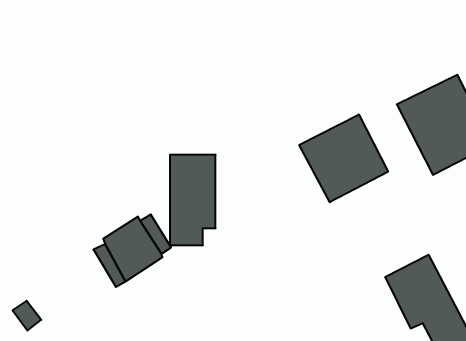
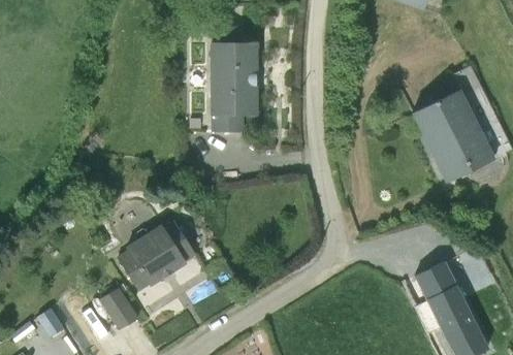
building: [299,114,388,202] -> none
building: [170,155,216,245] -> [212,45,256,133]
building: none -> [103,291,139,331]

